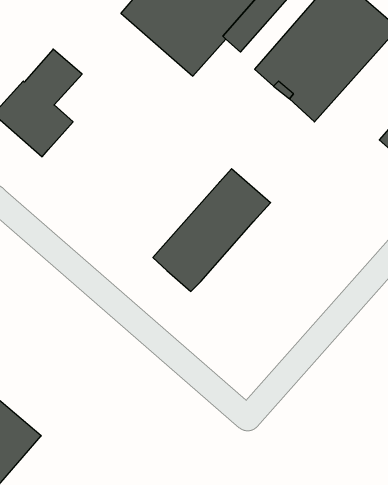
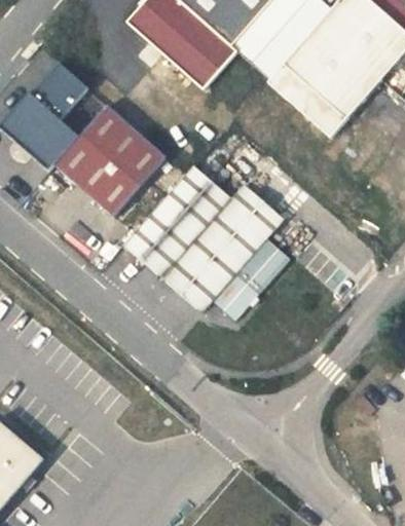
building: none -> [54,104,167,217]
building: none -> [124,164,231,275]
building: none -> [212,238,290,320]

